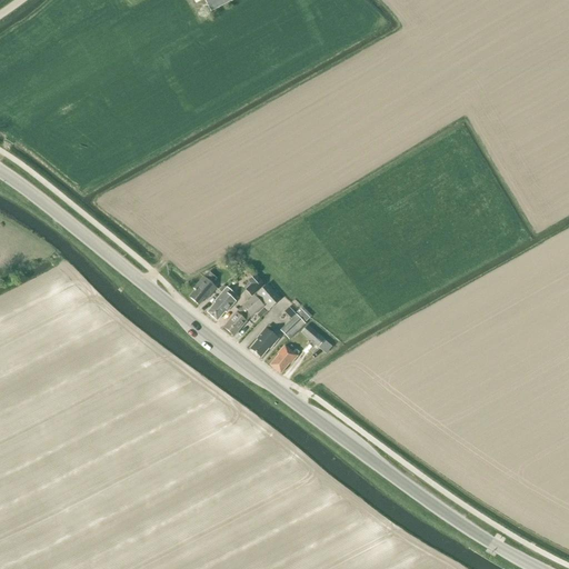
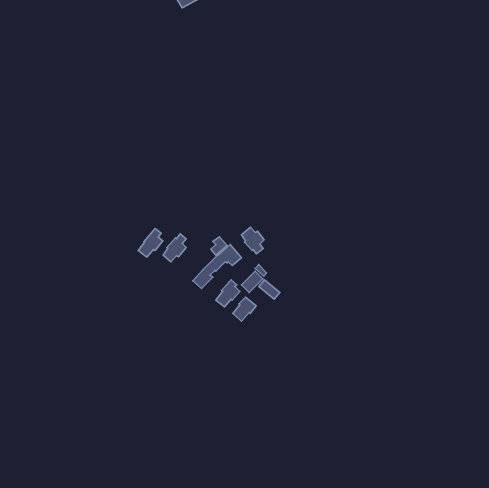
building: none -> [242,227,264,254]
building: [208,286,237,319] -> [138,228,163,257]

